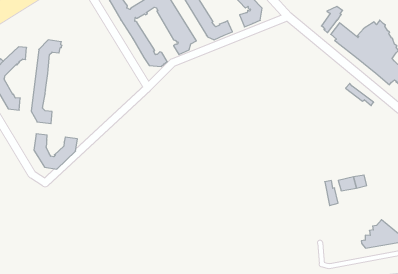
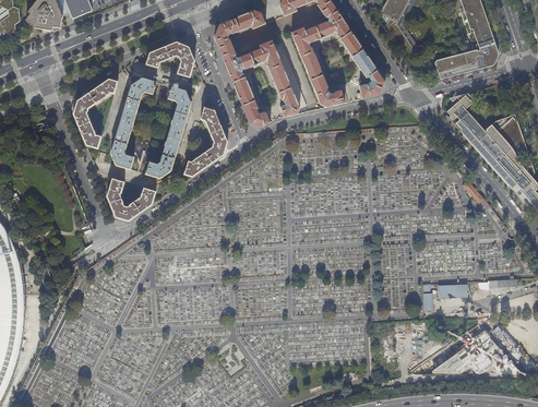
building: none -> [145,40,194,75]
building: none -> [145,84,191,177]
building: none -> [184,106,227,175]

